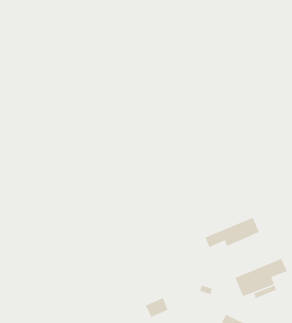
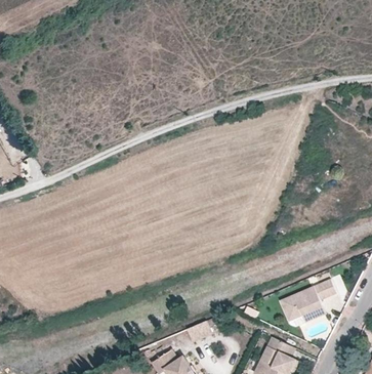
building: [204,217,260,248] -> none

